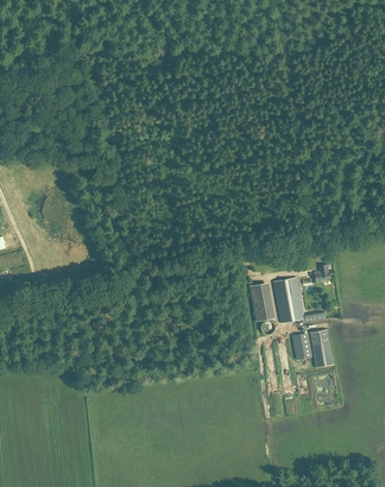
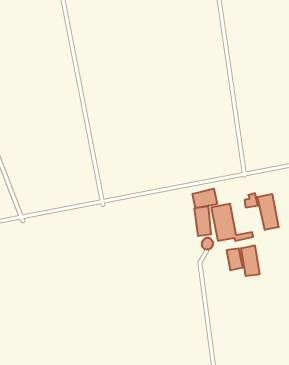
building: none -> [193,189,217,208]
building: none -> [257,194,279,230]

